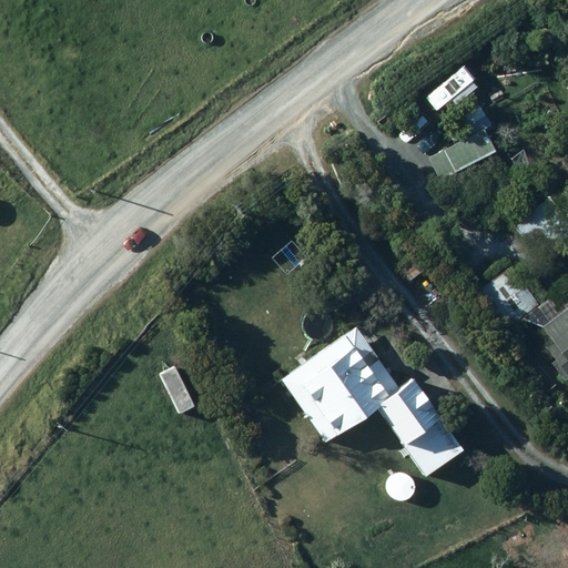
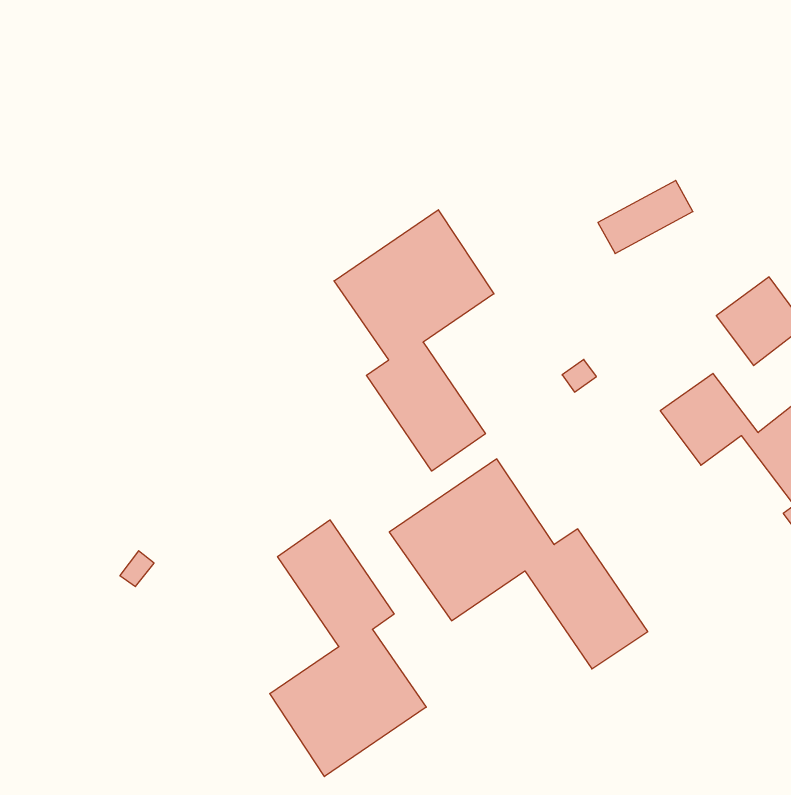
building: none -> [334,210,494,471]
building: none -> [270,520,426,777]

